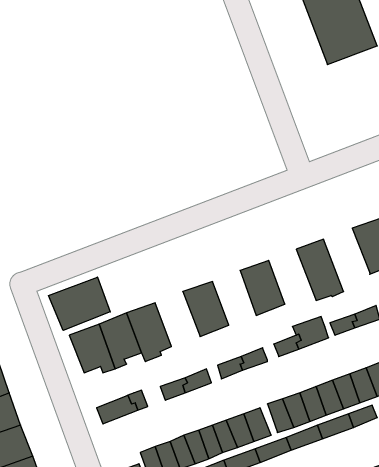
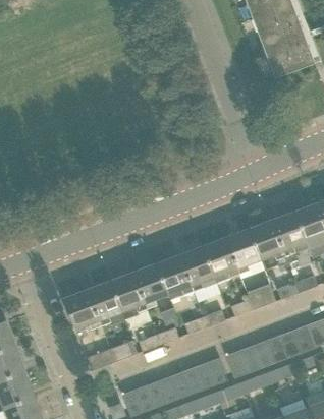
building: none -> [272,211,310,262]
building: none -> [227,228,266,273]
building: none -> [181,245,217,290]
building: [48,277,110,330] -> none
building: none -> [134,262,171,307]

